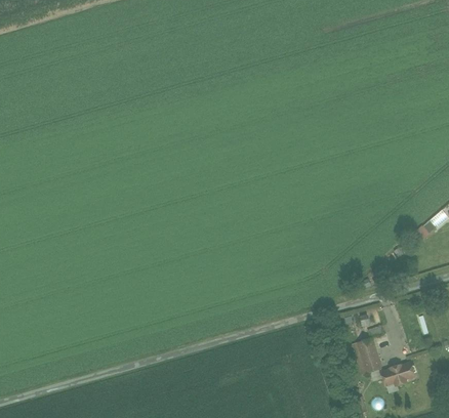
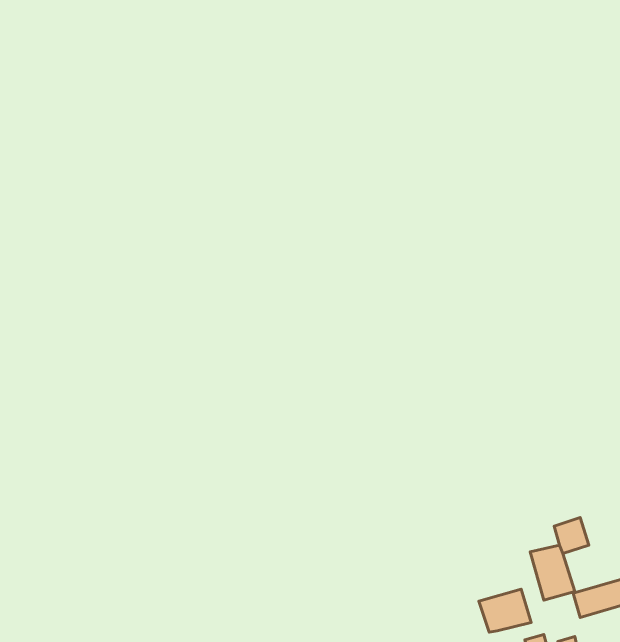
building: none -> [479,589,531,632]

